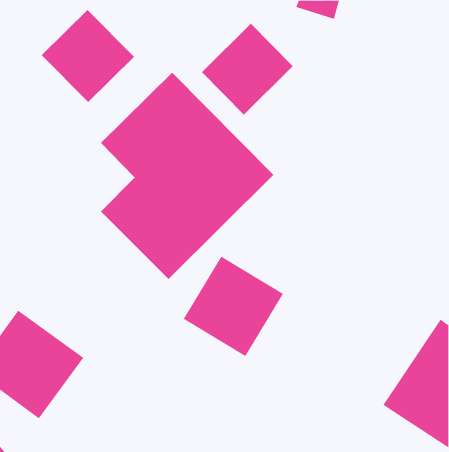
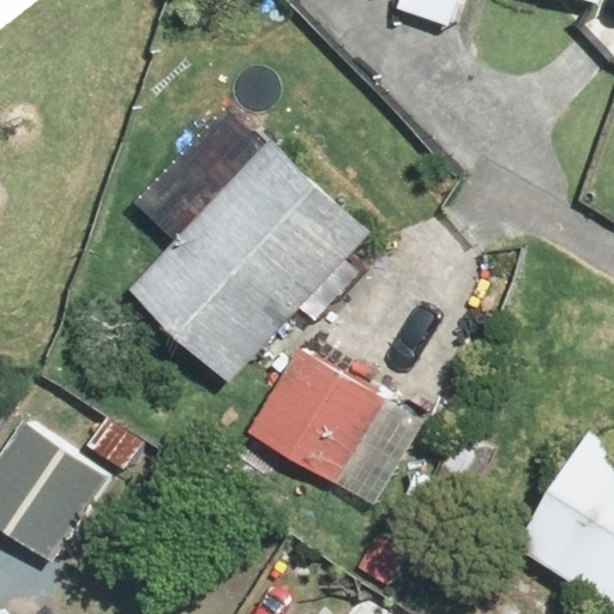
building: [41,9,135,103] -> none
building: [201,23,294,115] -> none

